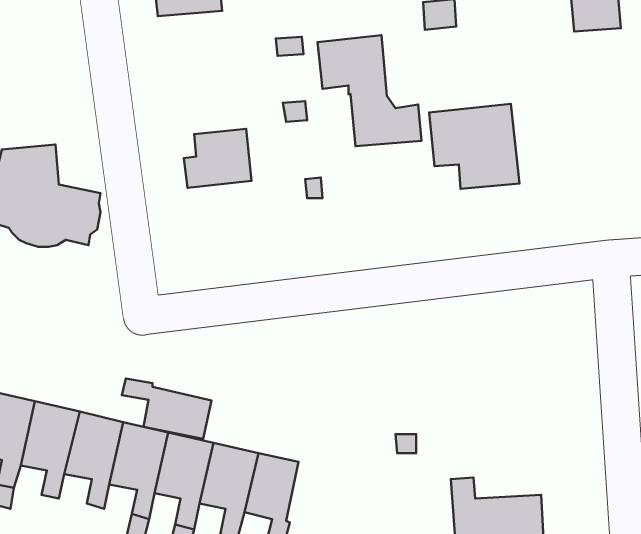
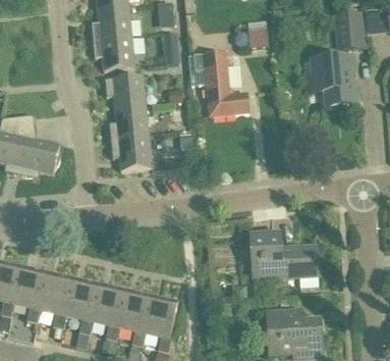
building: none -> [94,37,134,70]
building: none -> [105,74,146,109]
building: [429,104,519,189] -> [304,54,357,104]
building: none -> [111,137,152,171]
building: none -> [249,233,317,279]
building: [122,379,212,439] -> none

